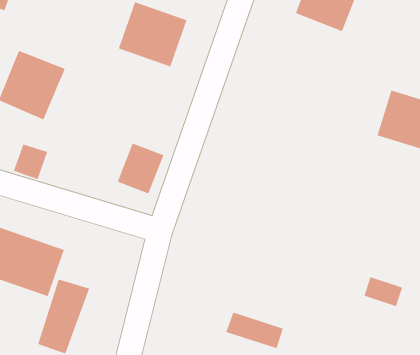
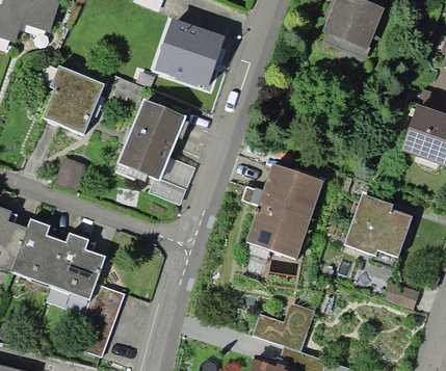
building: none -> [116,98,184,179]
building: none -> [246,163,319,255]
building: none -> [351,196,416,266]

